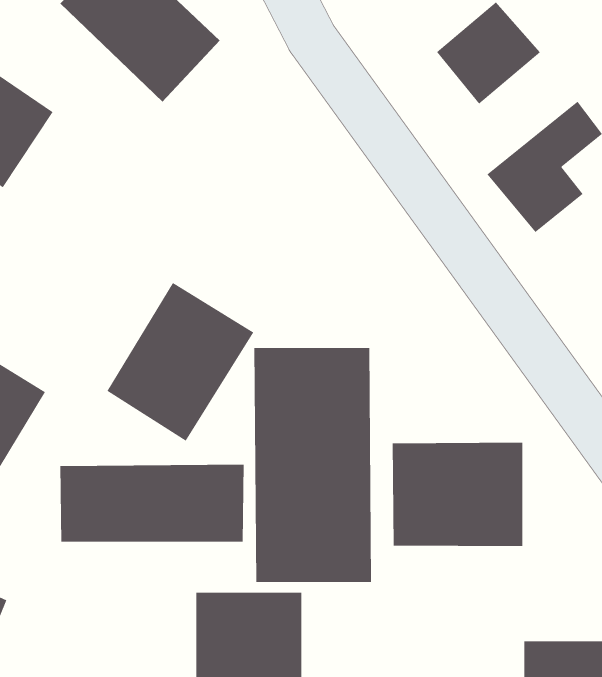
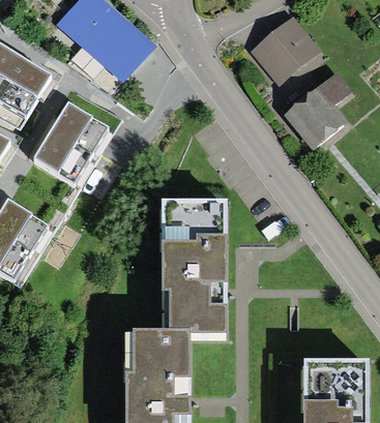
building: [107,282,254,441] -> [33,105,112,190]
building: [392,442,523,547] -> none
building: [60,464,244,542] -> none

